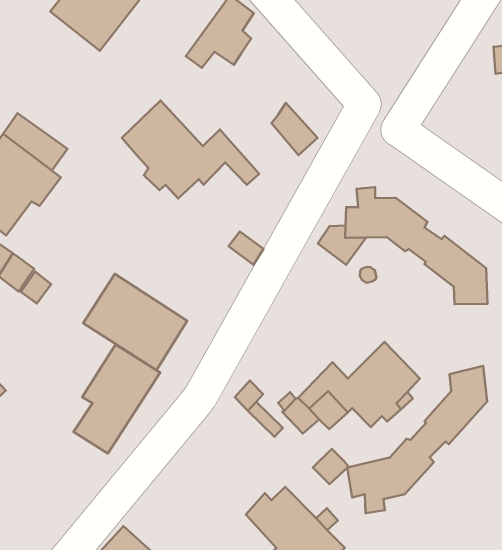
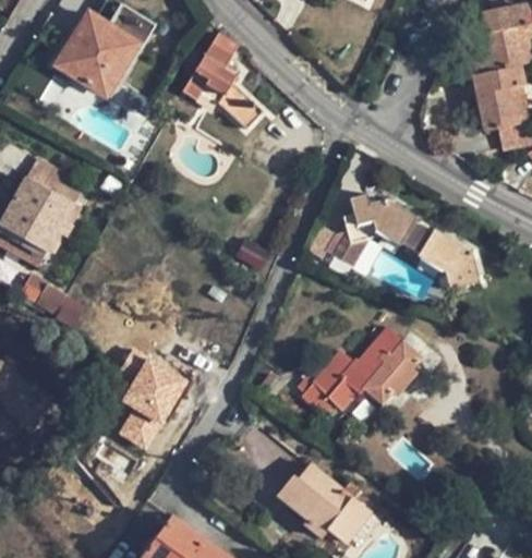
building: [122,100,259,199] -> none
building: [271,103,317,155] -> [221,83,264,129]
building: [83,274,187,370] -> none
building: [347,366,487,513] -> none

